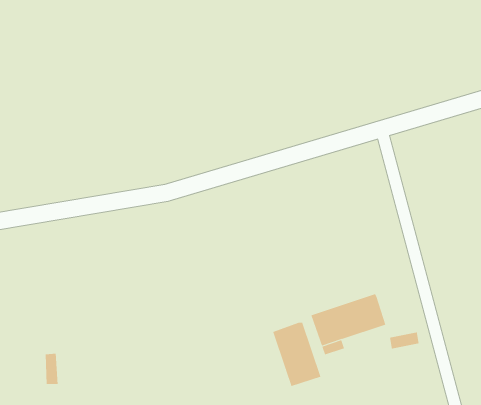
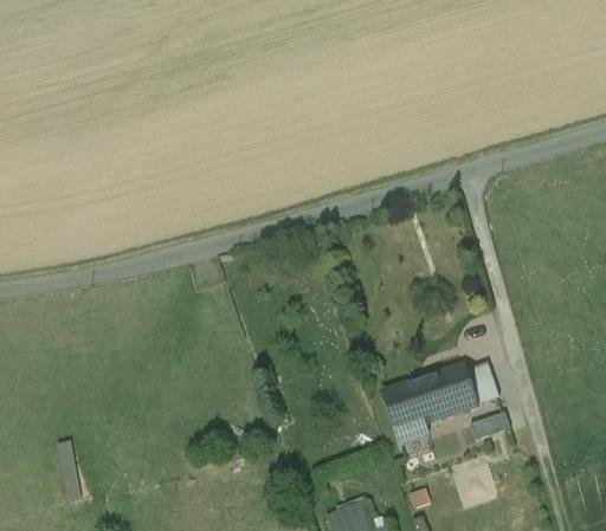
building: none -> [463,362,499,404]
building: [273,322,321,387] -> none

